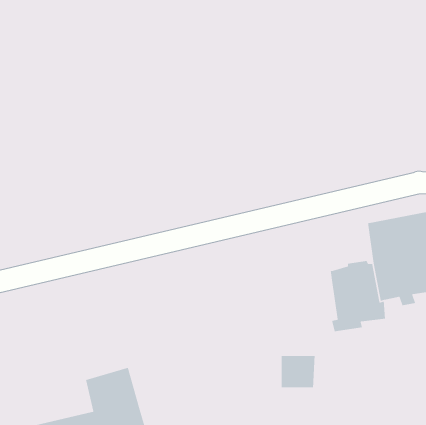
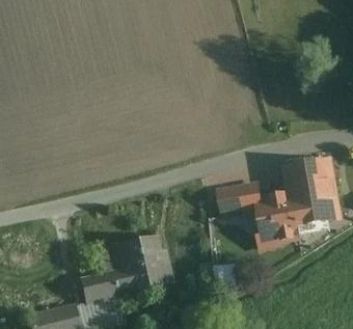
building: none -> [216,180,257,213]
building: none -> [110,234,170,298]

